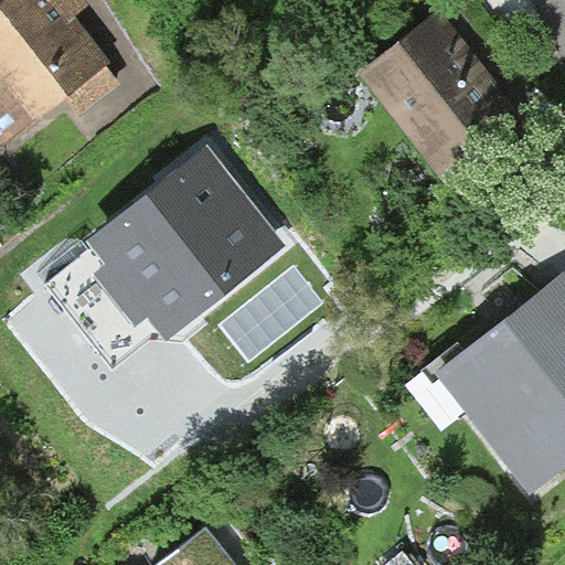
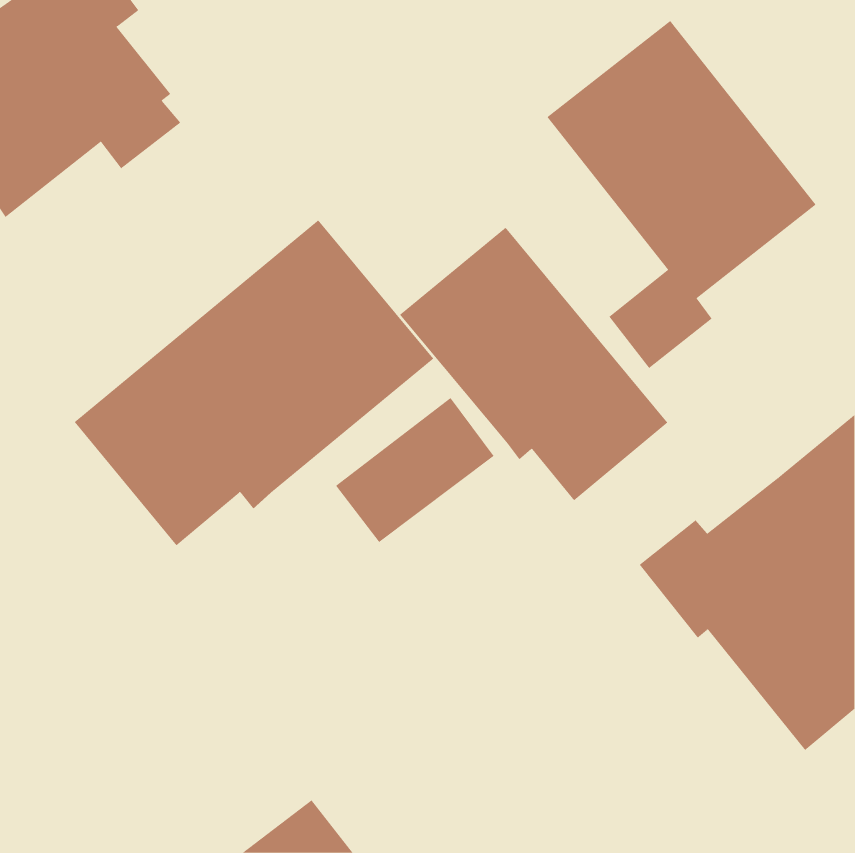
building: none -> [399,227,668,501]

